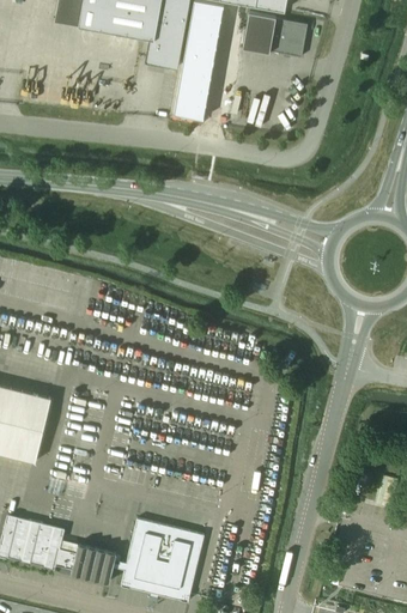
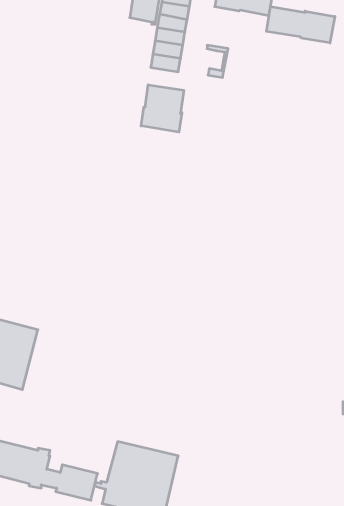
building: none -> [266,6,335,43]
building: none -> [141,85,184,132]

